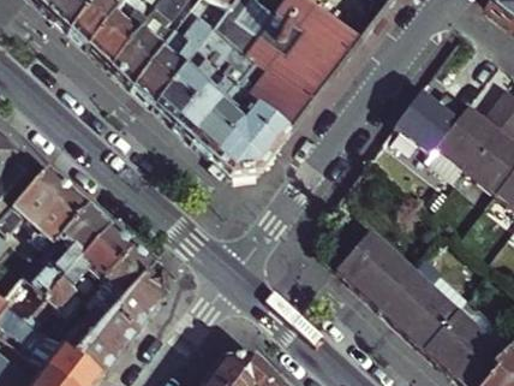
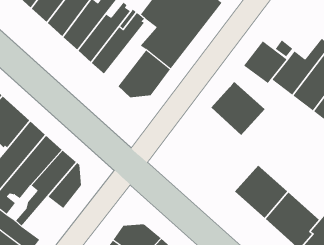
building: [192,58,267,155] -> none
building: [335,227,414,307] -> [210,81,265,136]
building: [73,314,133,376] -> none

